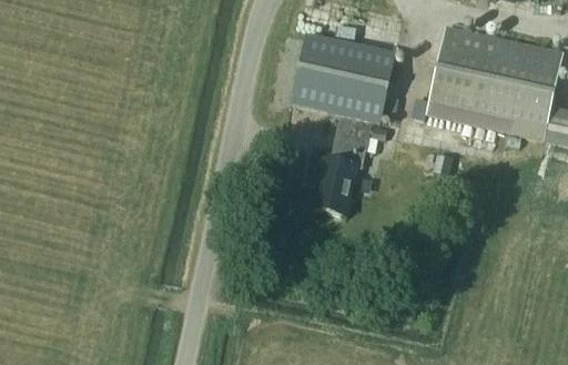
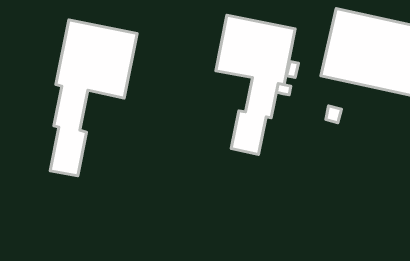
building: none -> [50,20,137,176]

